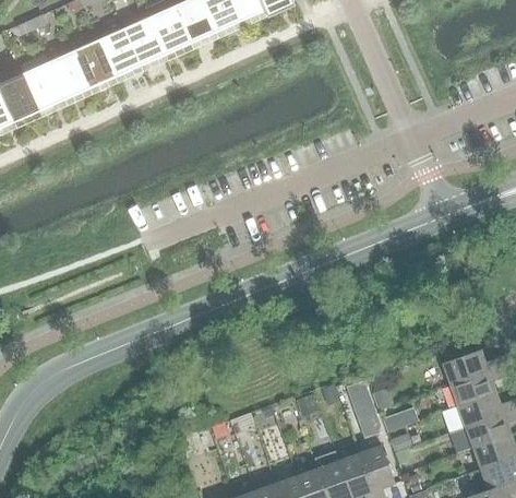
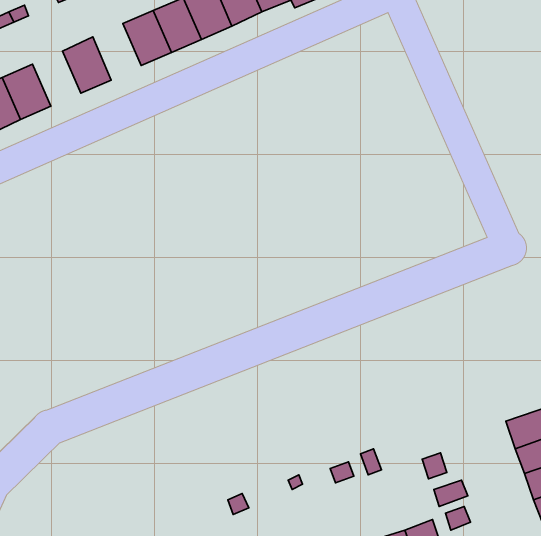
building: [98,31,139,78] -> none
building: [48,54,88,99] -> none
building: [346,381,381,437] -> none

